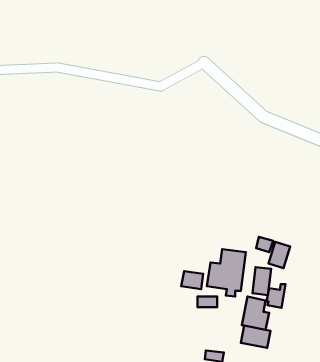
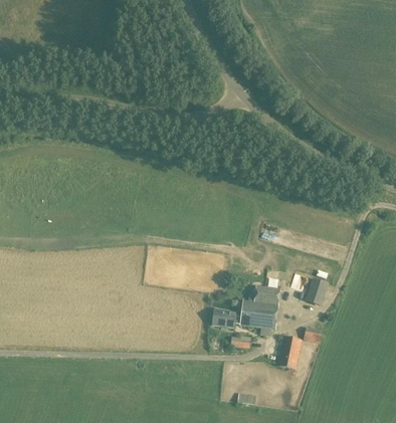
building: [252,267,271,295] -> none
building: [241,325,270,348] -> none

